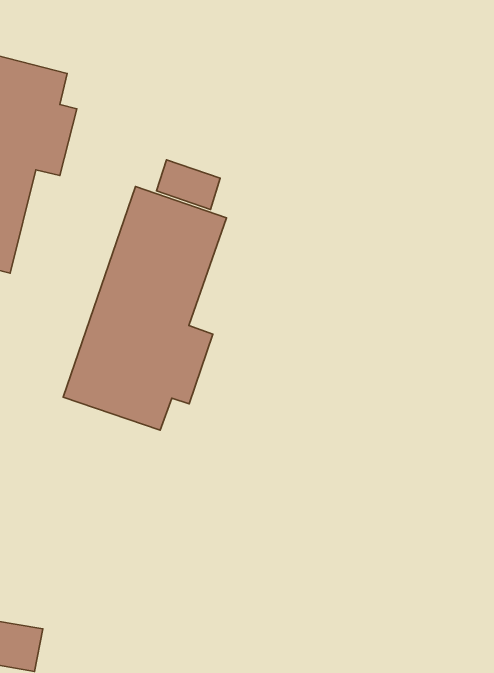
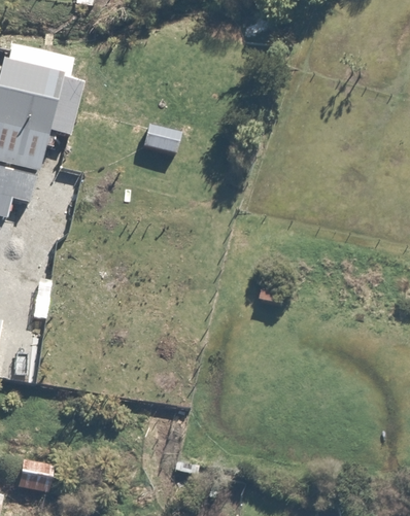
building: [63,187,226,430] -> none

